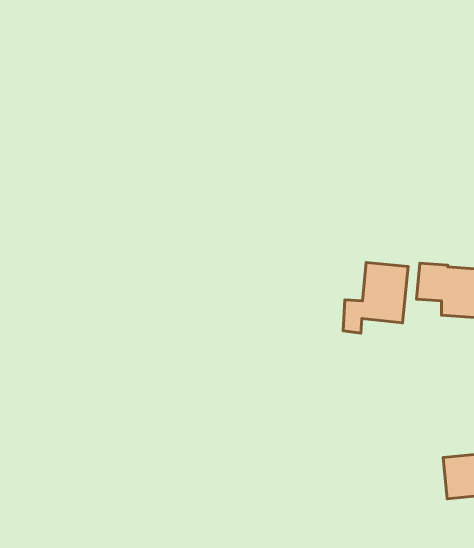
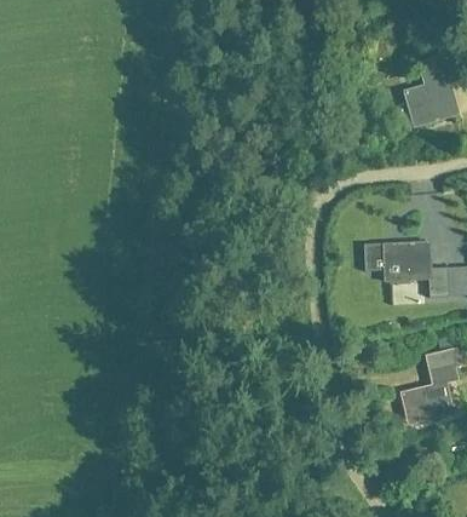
building: [343,262,408,333] -> none

